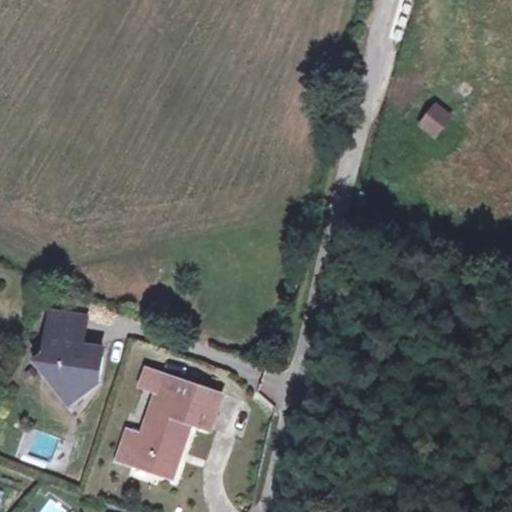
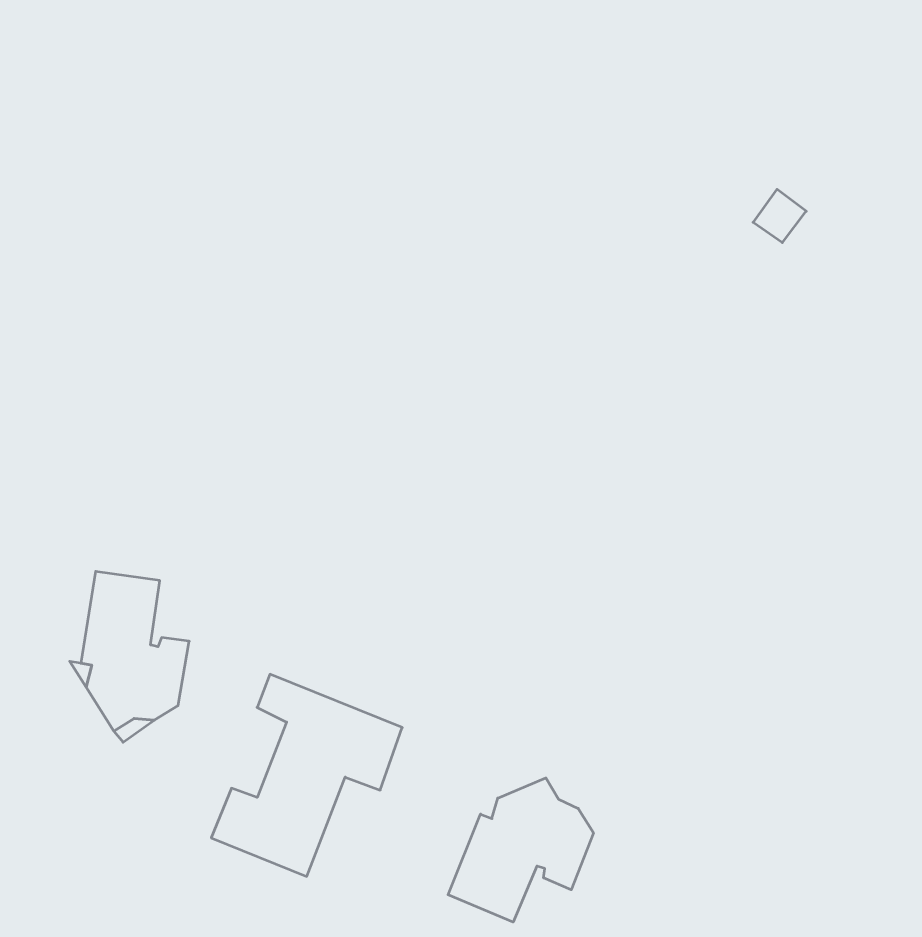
building: none -> [448,778,593,922]

